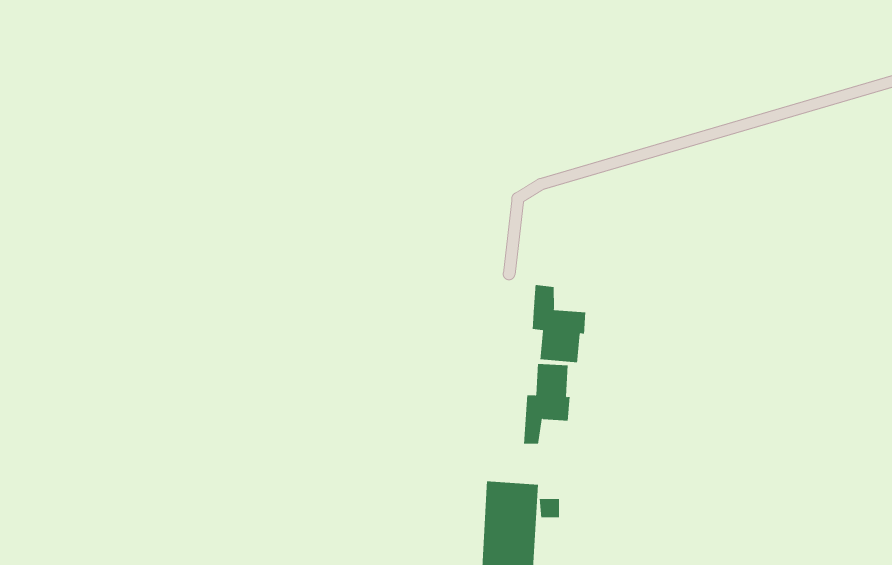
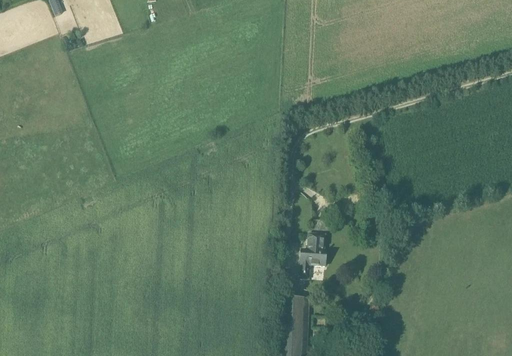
building: [532,284,586,363] -> none

